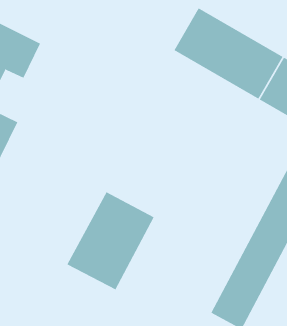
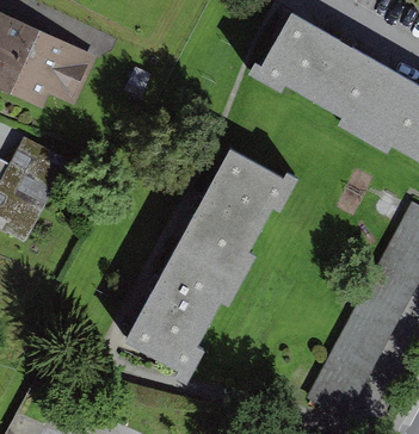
building: none -> [175,153,286,278]

